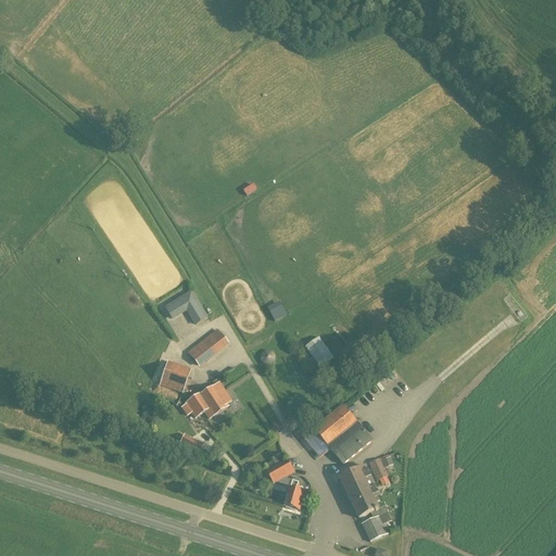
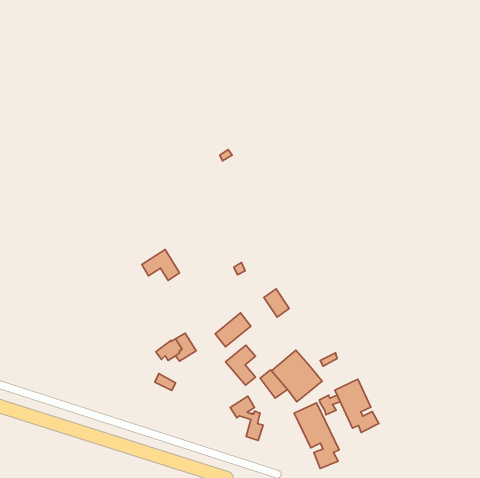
building: [187,327,228,366] -> [215,313,251,347]
building: [159,358,190,391] -> none
building: none -> [225,345,256,385]
building: none -> [335,379,379,433]

